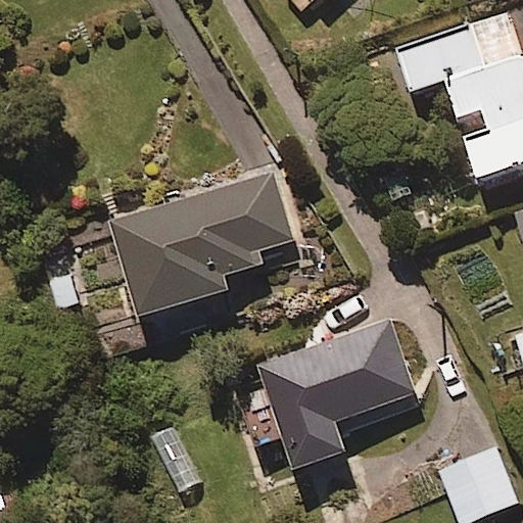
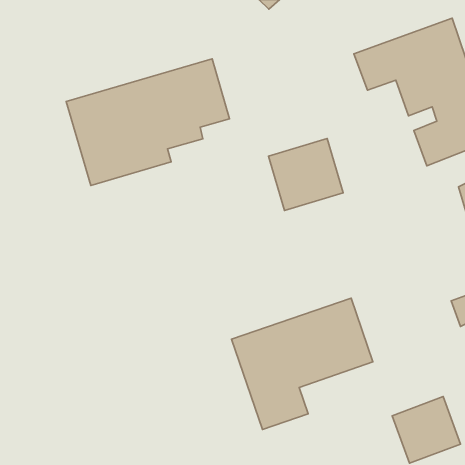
building: none -> [269,139,343,210]
building: [110,169,293,311] -> [66,59,229,185]

